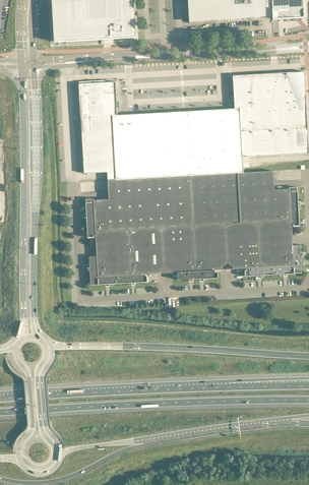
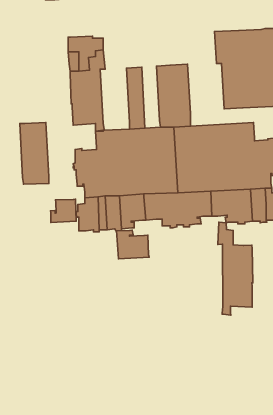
building: [203,108,243,174] -> none
building: [156,111,175,176] -> none
building: [112,113,142,178] -> [20,122,49,184]
building: none -> [51,199,76,222]
building: none -> [218,222,253,315]
building: none -> [116,230,149,259]

